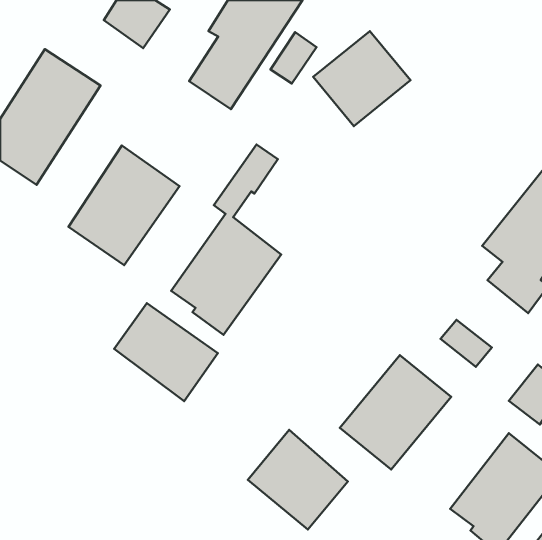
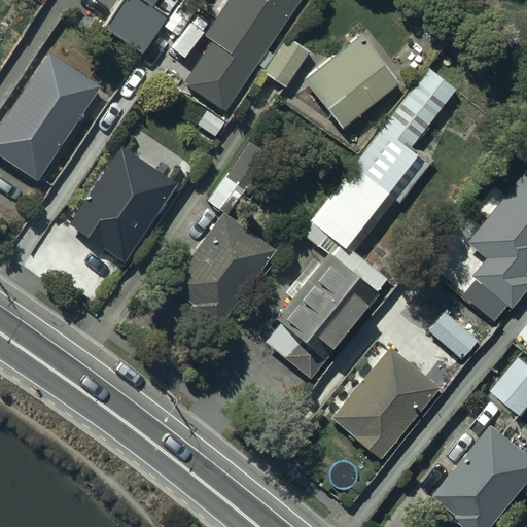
building: none -> [266,68,456,379]
building: [114,303,218,401] -> none
building: [248,430,348,529] -> none

